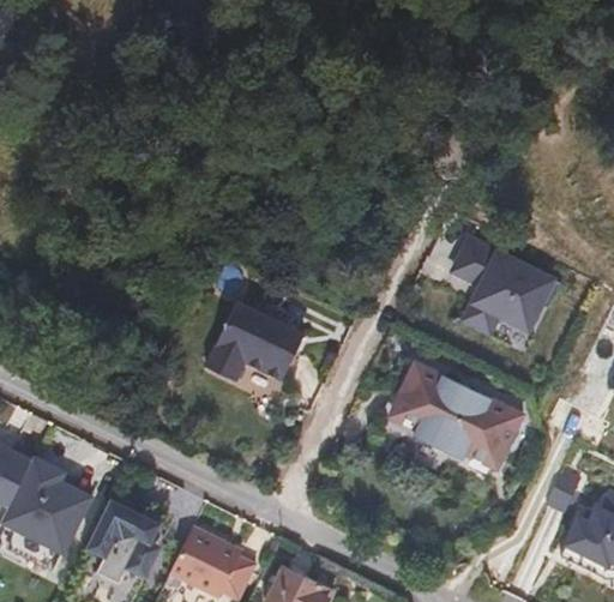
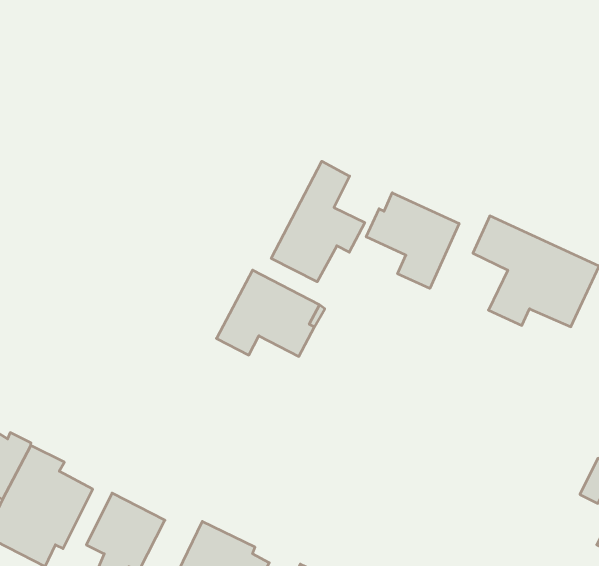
building: none -> [271,161,365,282]
building: none -> [366,193,459,288]
building: [392,362,524,469] -> none

